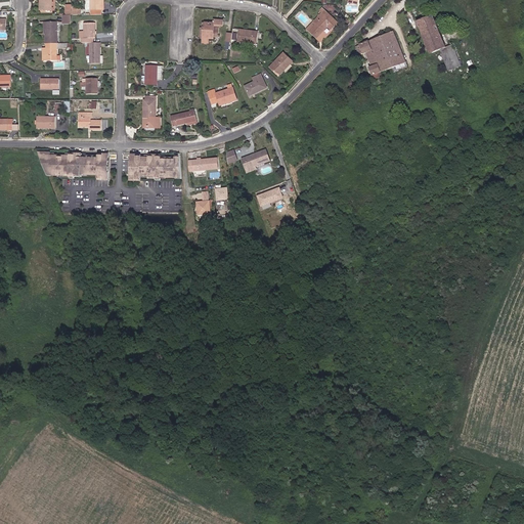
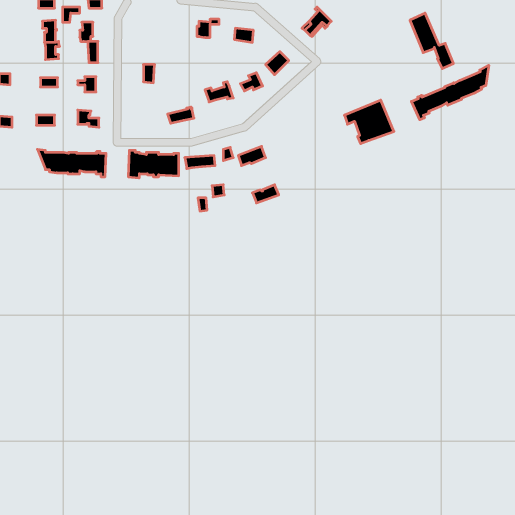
building: [355,30,405,74] -> [344,100,394,144]
building: none -> [411,65,489,120]
building: [143,95,160,127] -> none

